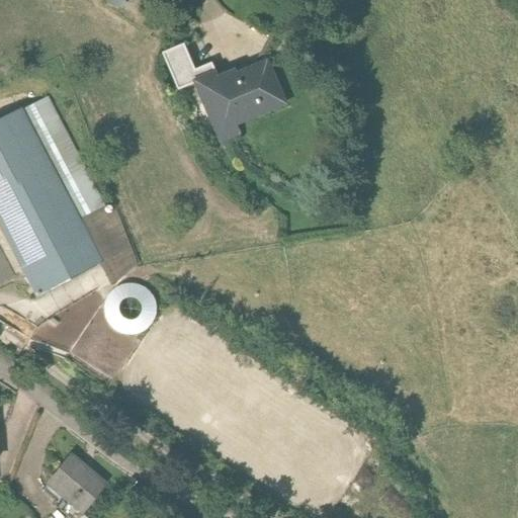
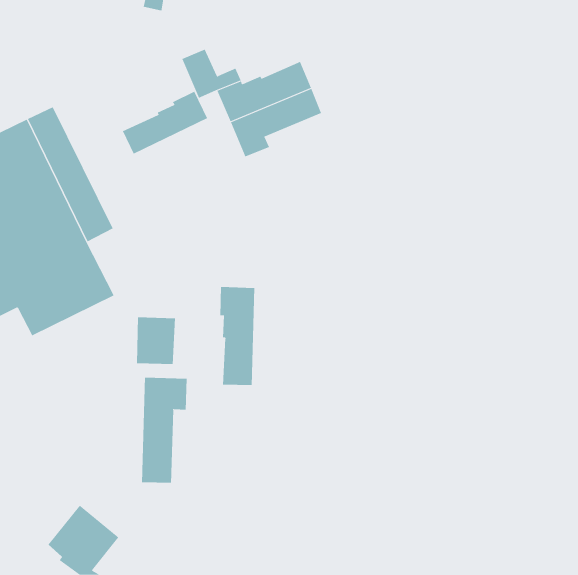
building: none -> [122,91,208,154]
building: none -> [220,286,255,386]
building: none -> [141,377,187,483]

